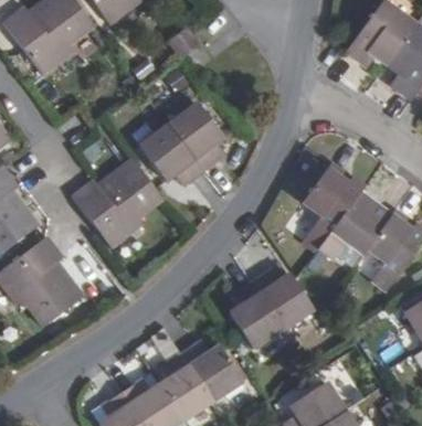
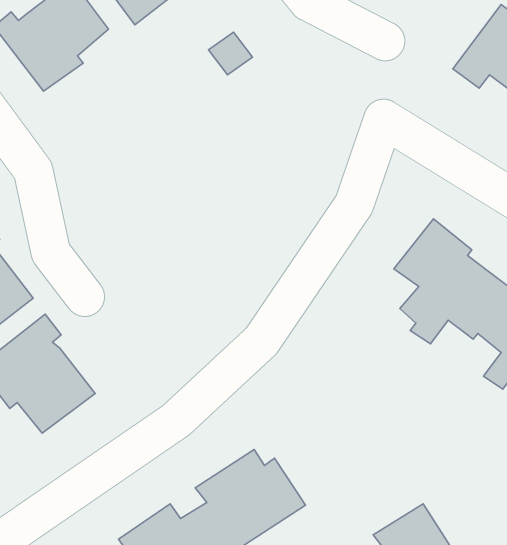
building: [140,104,224,184] -> none
building: [71,160,157,246] -> none
building: [225,266,308,348] -> none

